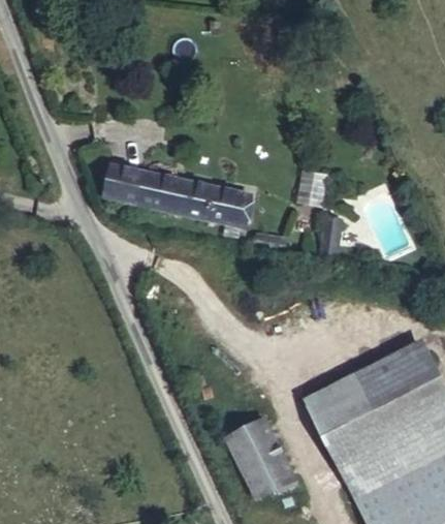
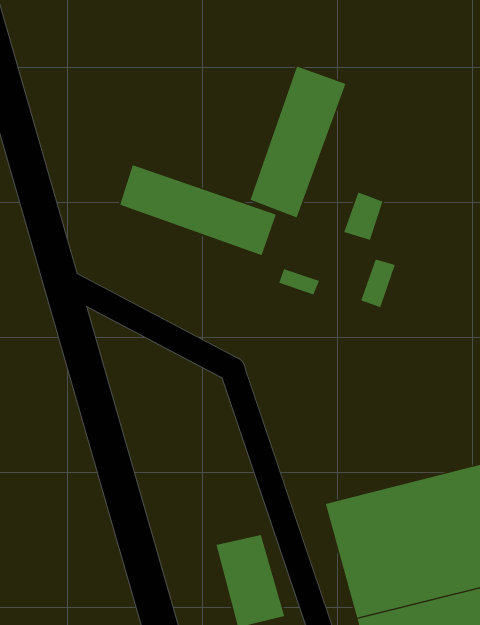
building: none -> [249,66,347,218]
building: [99,164,136,202] -> none

